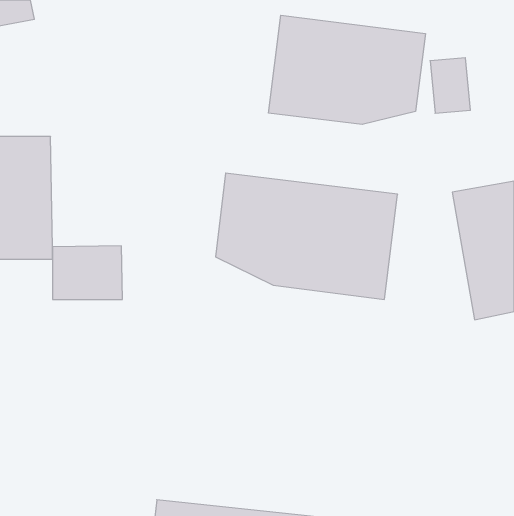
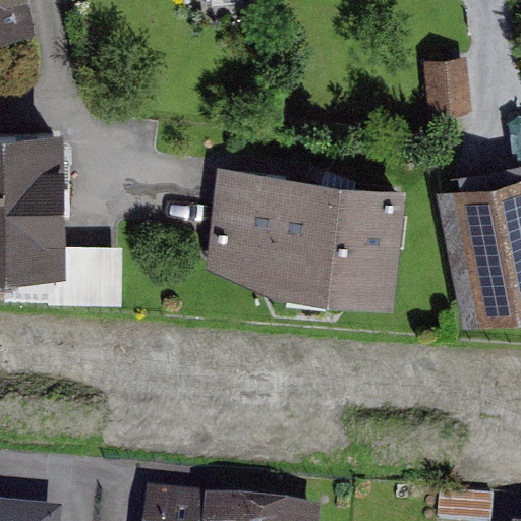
building: [269,15,425,124] -> none

